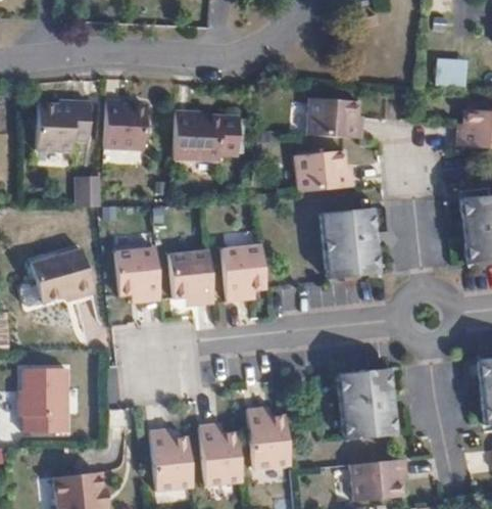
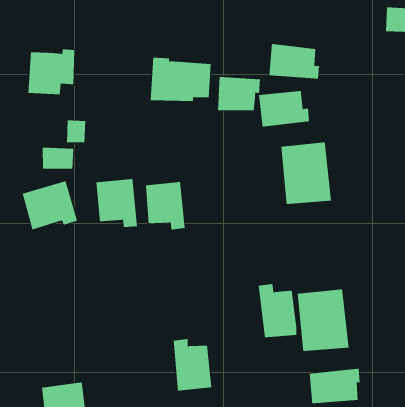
building: [105,102,148,152] -> none
building: none -> [217,76,260,111]
building: none -> [42,147,74,170]
building: [220,246,266,302] -> none
building: [17,365,68,432] -> none
building: [247,409,291,469] -> [258,284,297,338]
building: [149,430,194,490] -> none

